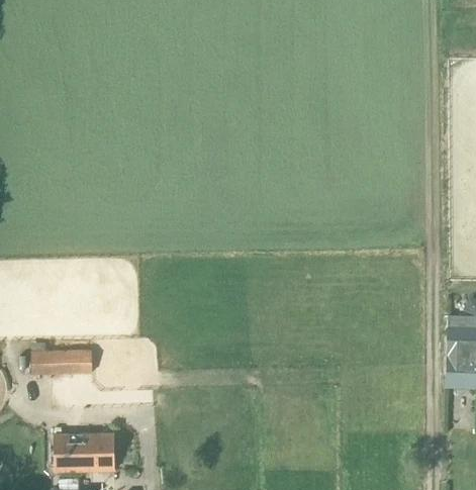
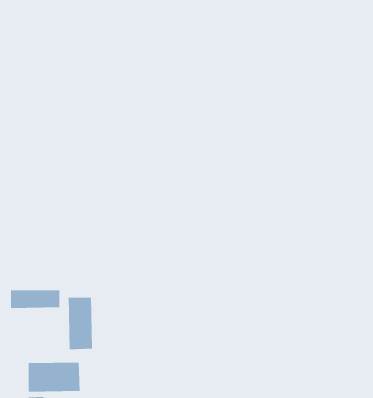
building: none -> [68,297,92,350]

